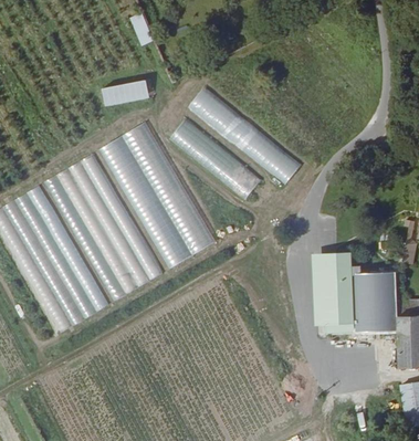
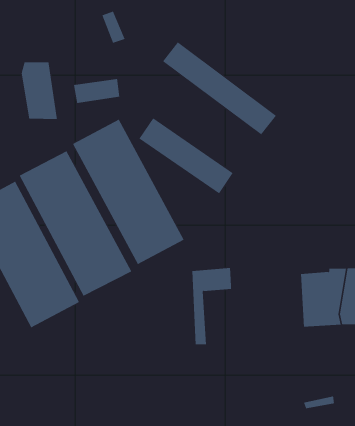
building: none -> [21,61,57,120]
building: [184,87,300,182] -> [162,41,277,135]
building: [316,253,357,332] -> [192,267,232,345]

